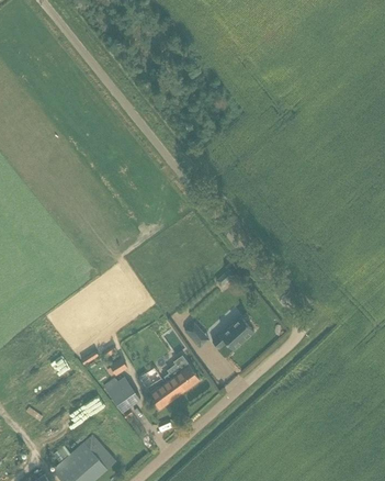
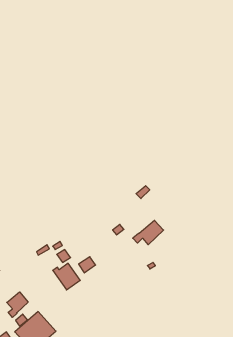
building: [148,356,199,409] -> none
building: none -> [7,292,28,317]

